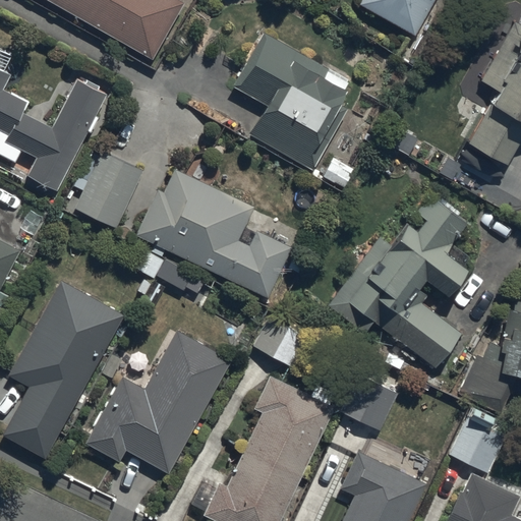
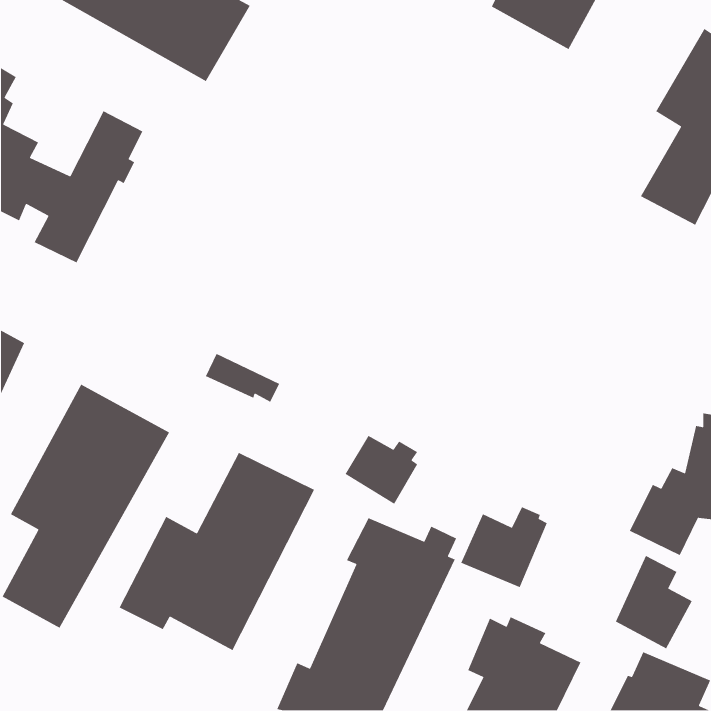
building: [235,34,348,171] -> none
building: [72,153,142,229] -> none
building: [136,171,292,299] -> none
building: [326,192,471,369] -> none

